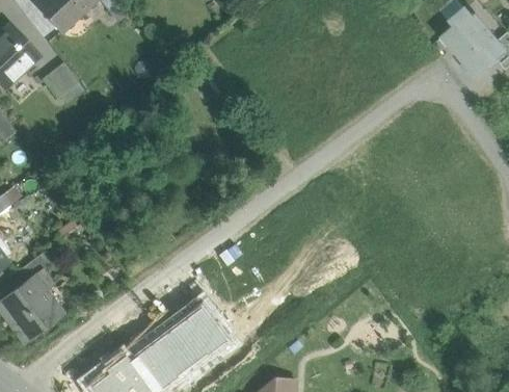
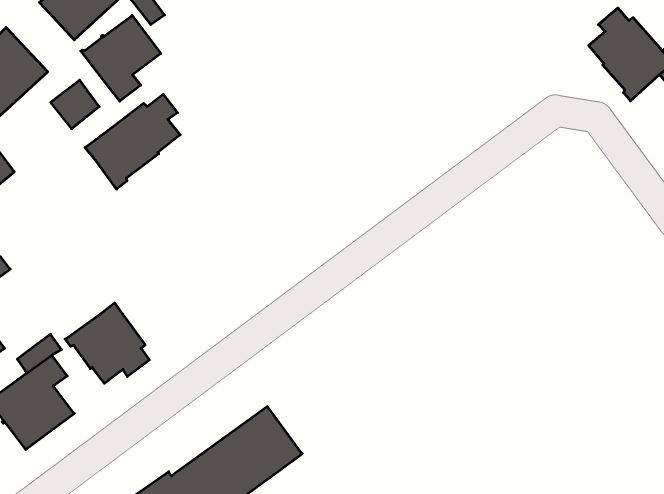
building: none -> [81,15,161,101]
building: none -> [85,94,180,189]
building: none -> [65,303,149,383]

